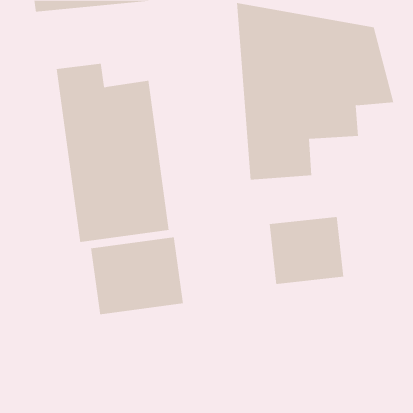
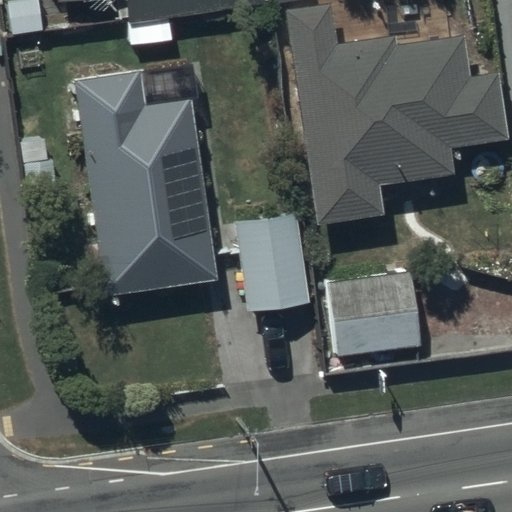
building: none -> [239,209,314,307]
building: [91,236,183,315] -> none

